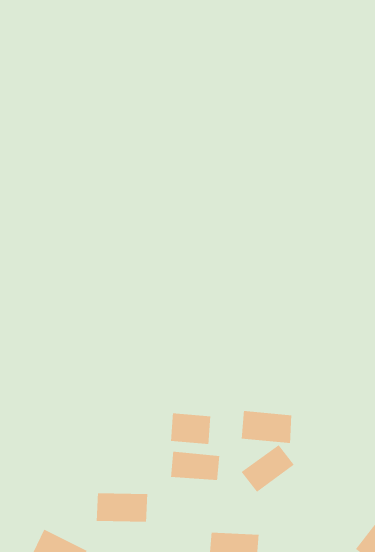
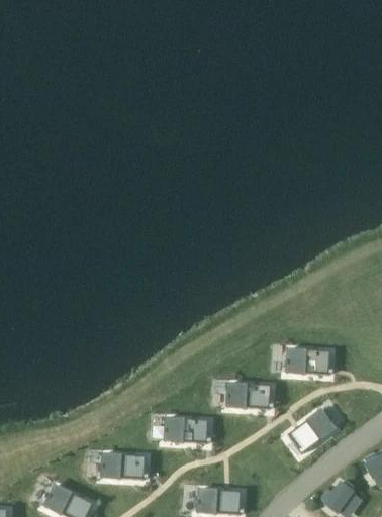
building: none -> [288,347,330,375]
building: [170,412,211,445] -> none
building: [240,444,295,493] -> [288,409,336,451]

